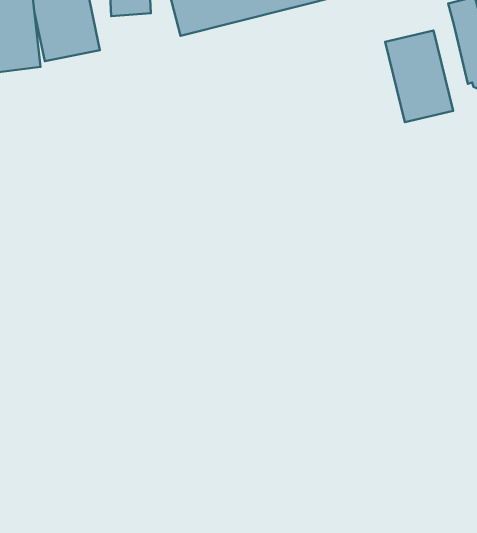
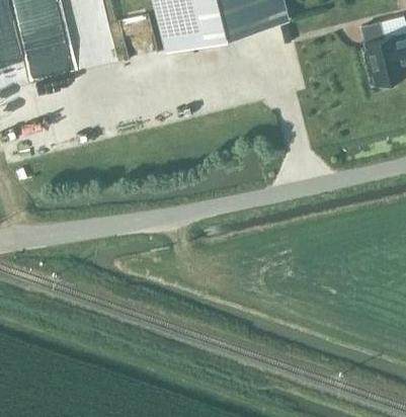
building: [385,31,453,122] -> none

